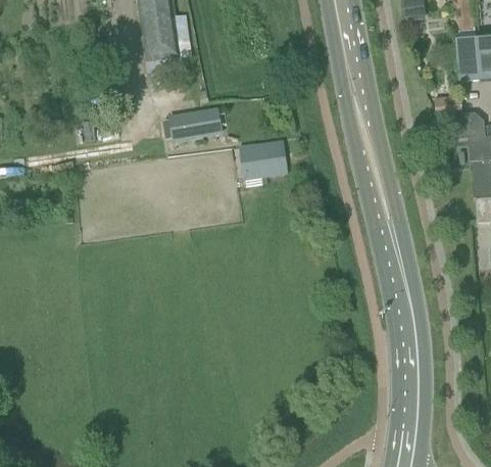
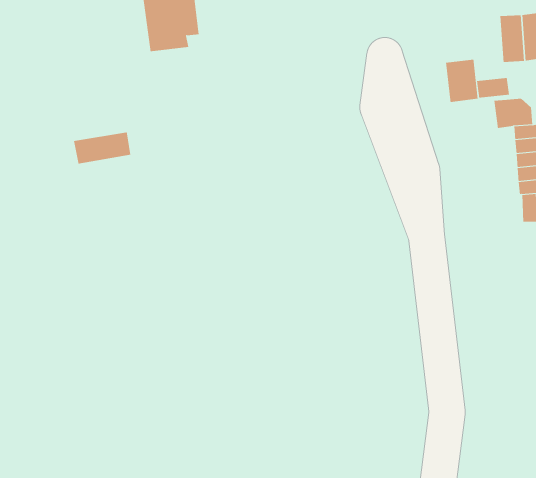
building: none -> [446,59,478,103]
building: [169,108,220,137] -> [73,132,131,164]
building: [241,140,288,177] -> none

